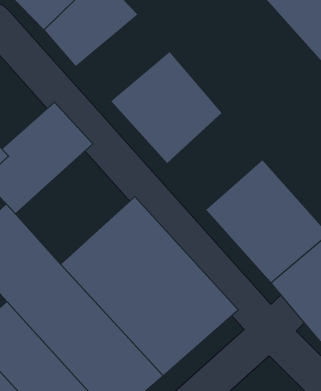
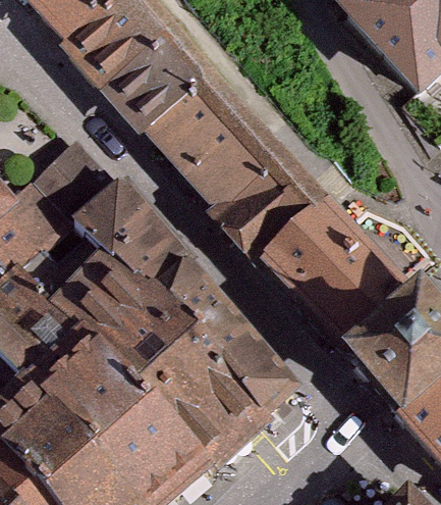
building: none -> [106,29,221,138]
building: none -> [211,149,334,270]
building: none -> [33,187,178,334]

